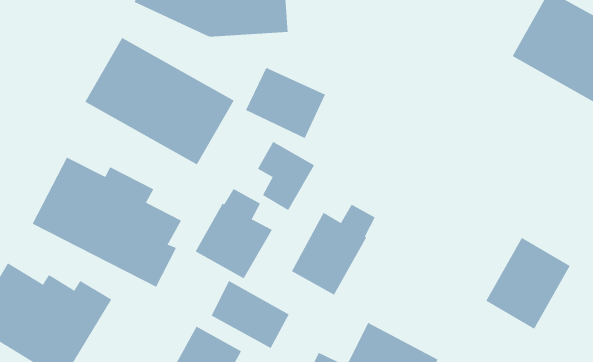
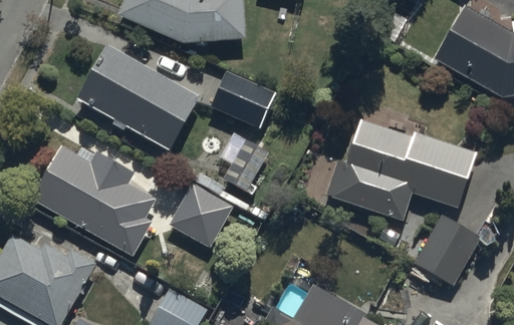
building: none -> [325,118,478,220]
building: [291,204,376,295] -> none
building: [211,280,290,349] -> none

